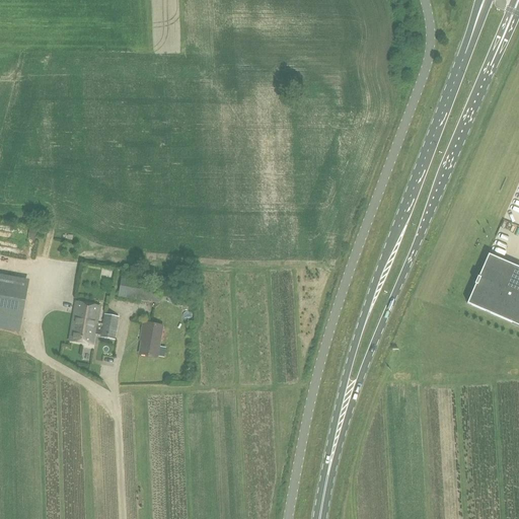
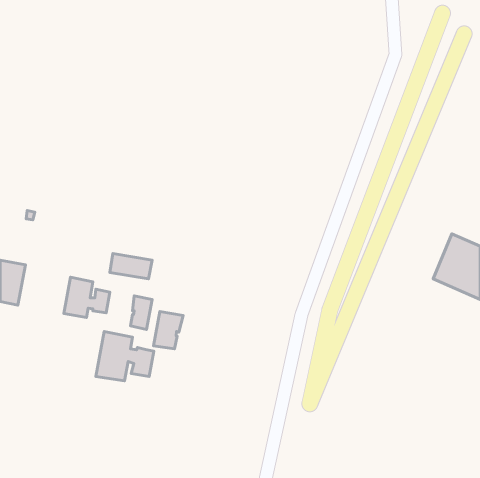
building: none -> [153,312,183,349]
building: none -> [96,331,154,381]

